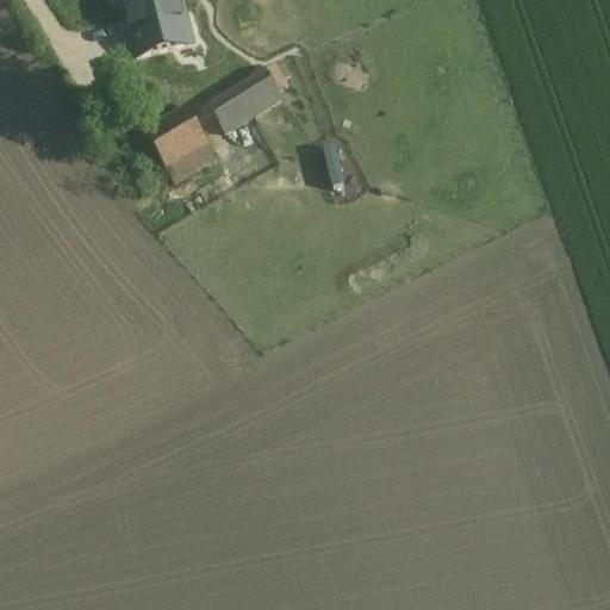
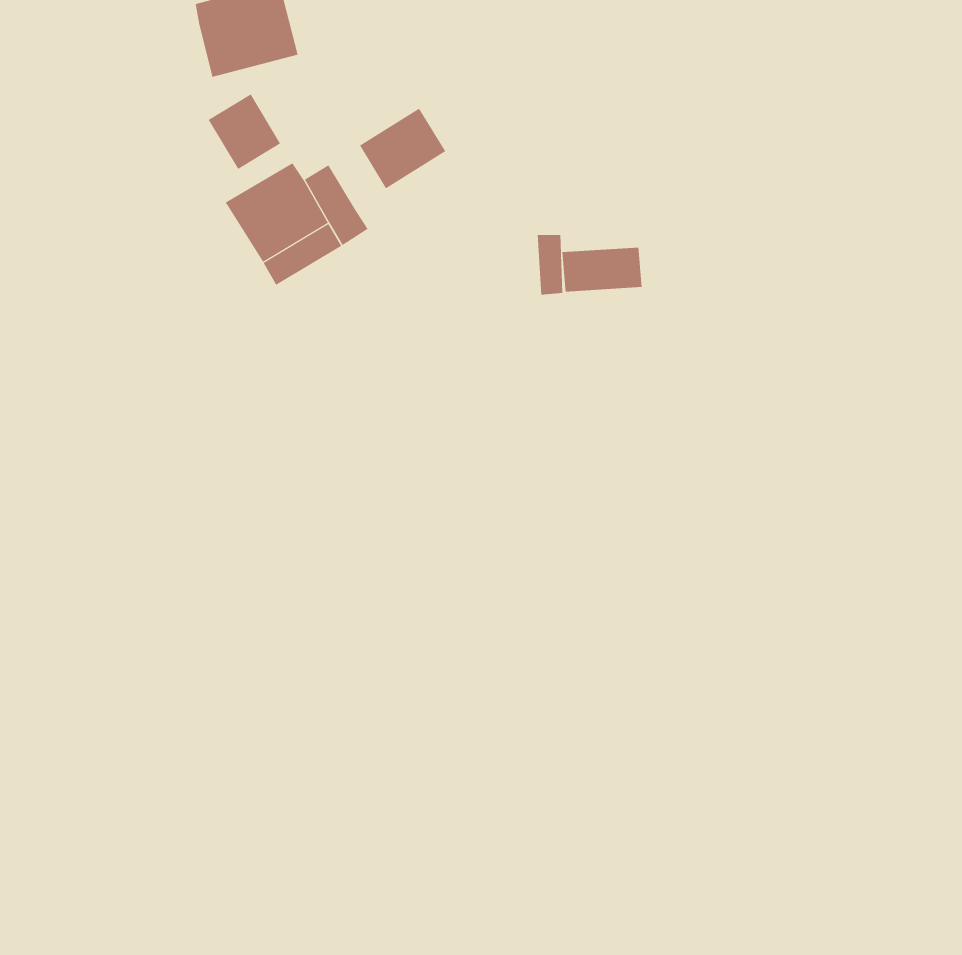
building: none -> [208,93,281,170]
building: [210,92,245,131] -> none
building: none -> [562,247,642,292]

